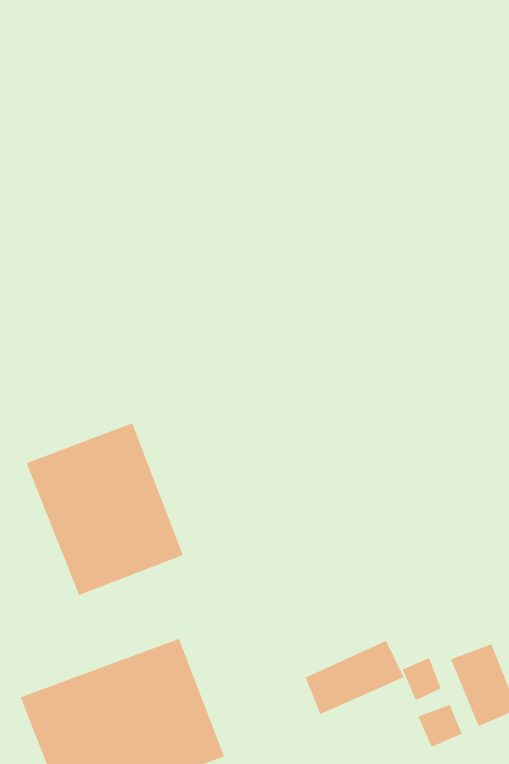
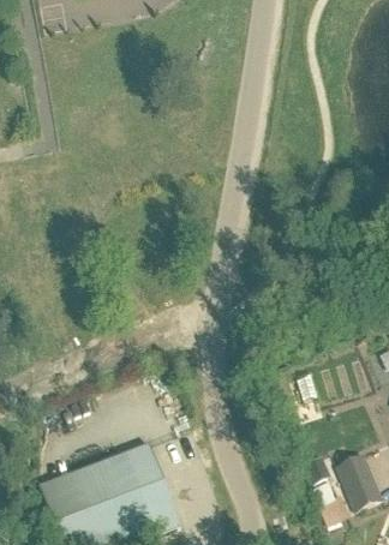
building: [26,422,184,596] -> none
building: [305,640,405,715] -> none

